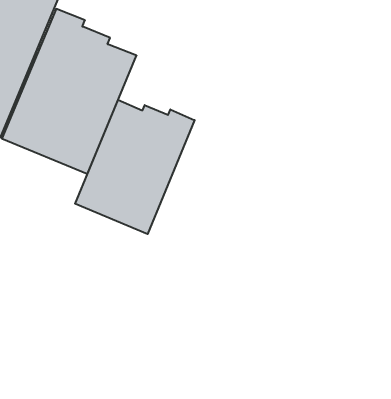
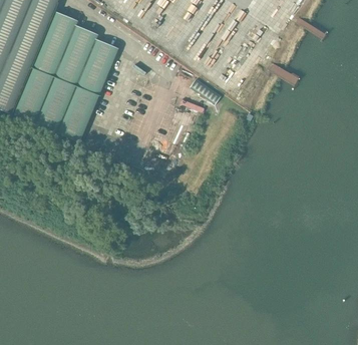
building: [75,100,195,234] -> none

